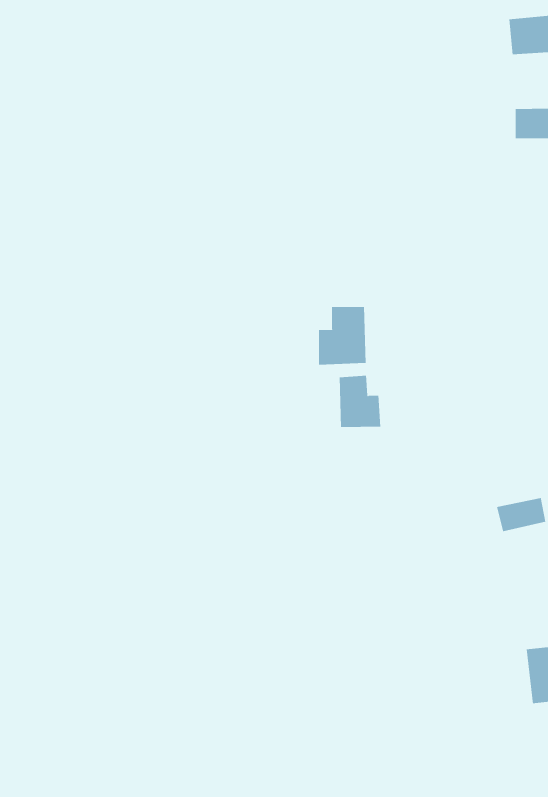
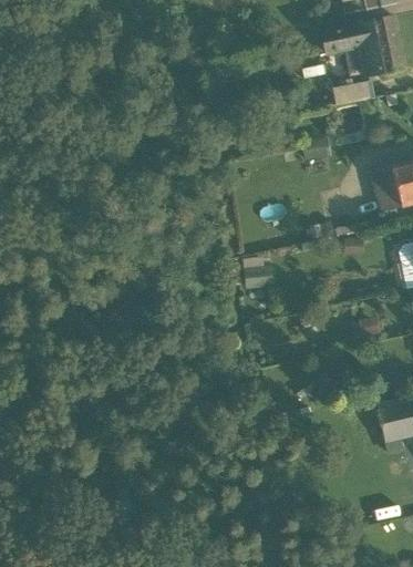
building: [318,306,366,365] -> none

